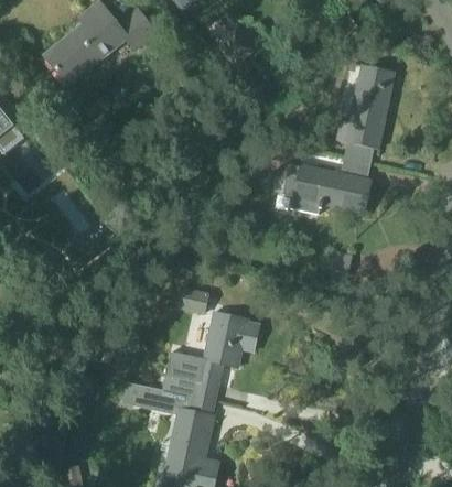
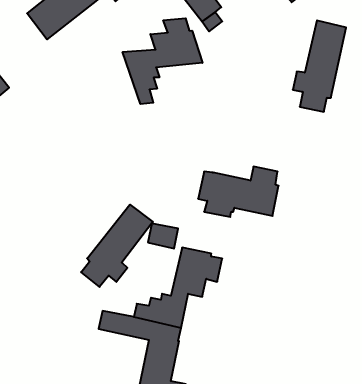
building: none -> [123,18,202,104]
building: [283,159,372,214] -> [198,167,279,217]
building: none -> [81,205,153,287]

